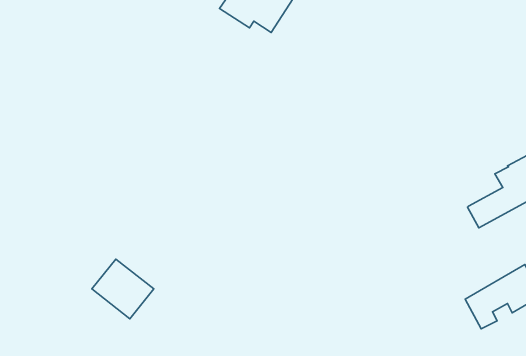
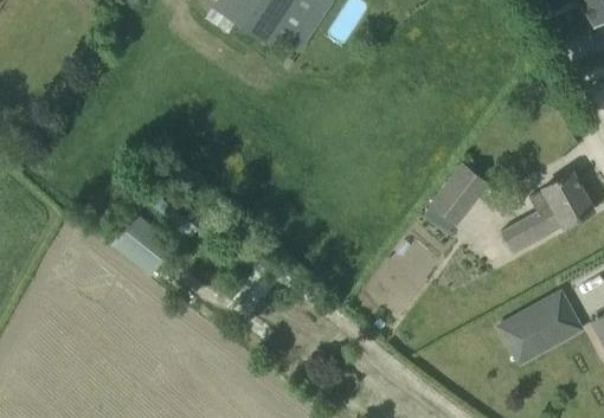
building: none -> [432,165,487,224]
building: [92,259,154,319] -> [110,217,174,278]

